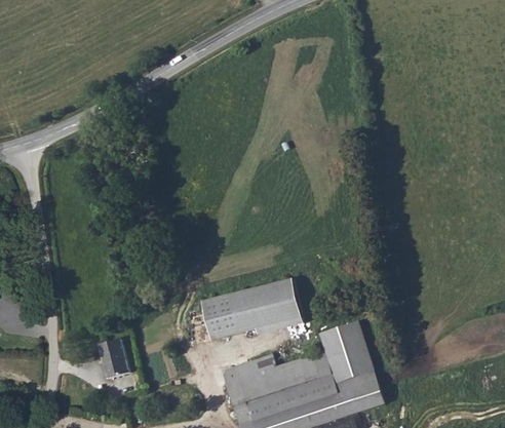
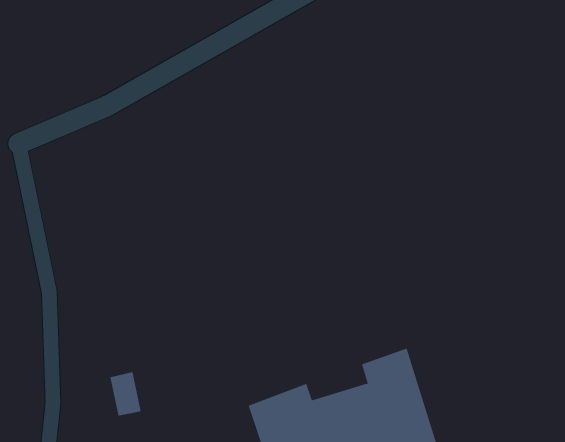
building: [201,279,303,340] -> none

